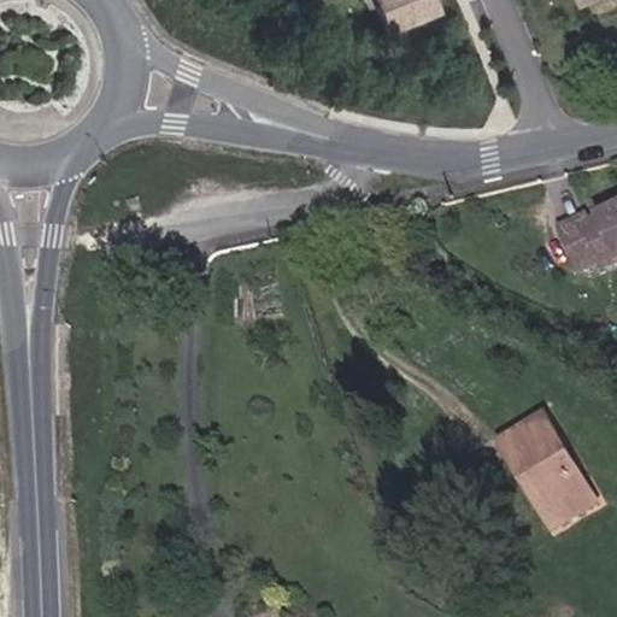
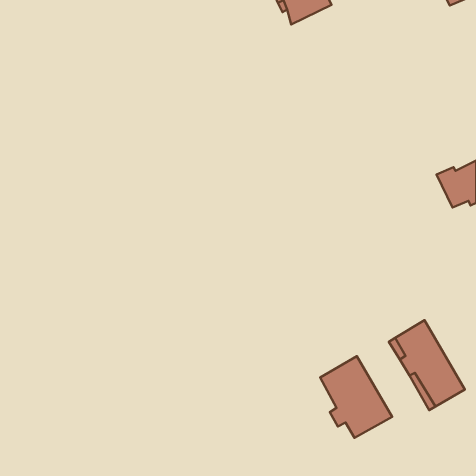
building: none -> [320,356,392,438]

